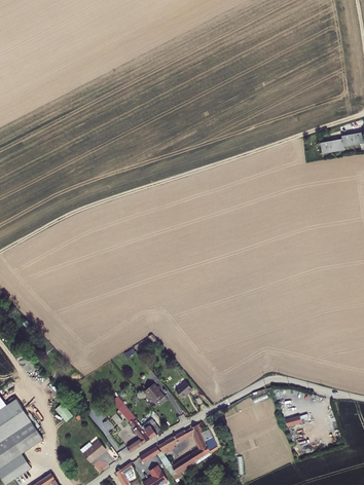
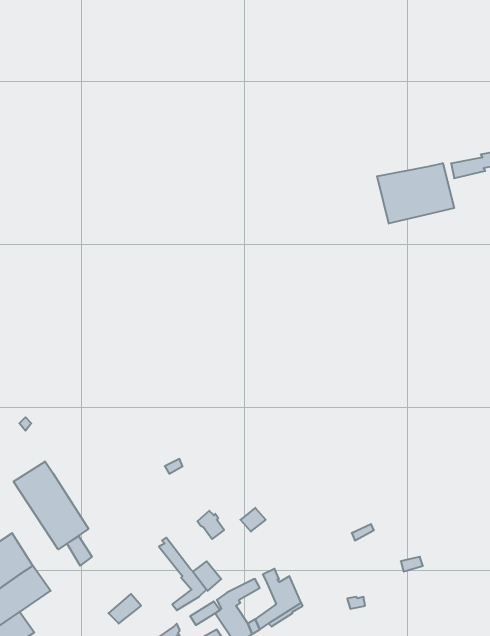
building: none -> [377,163,454,224]
building: none -> [14,461,88,549]

